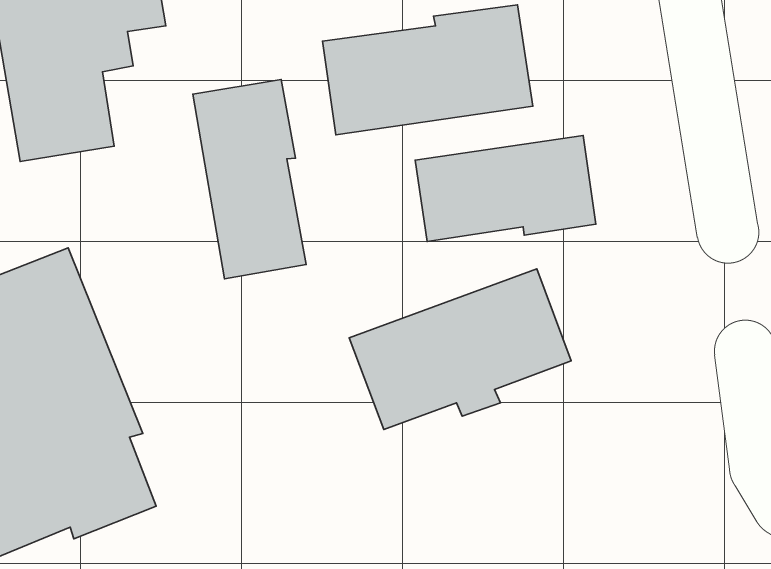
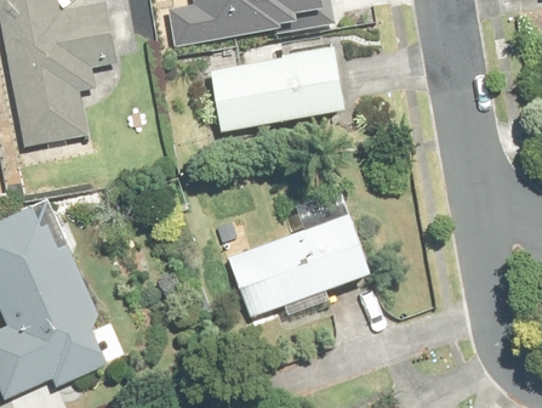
building: [193,79,306,279] -> none
building: [415,136,596,242] -> none

